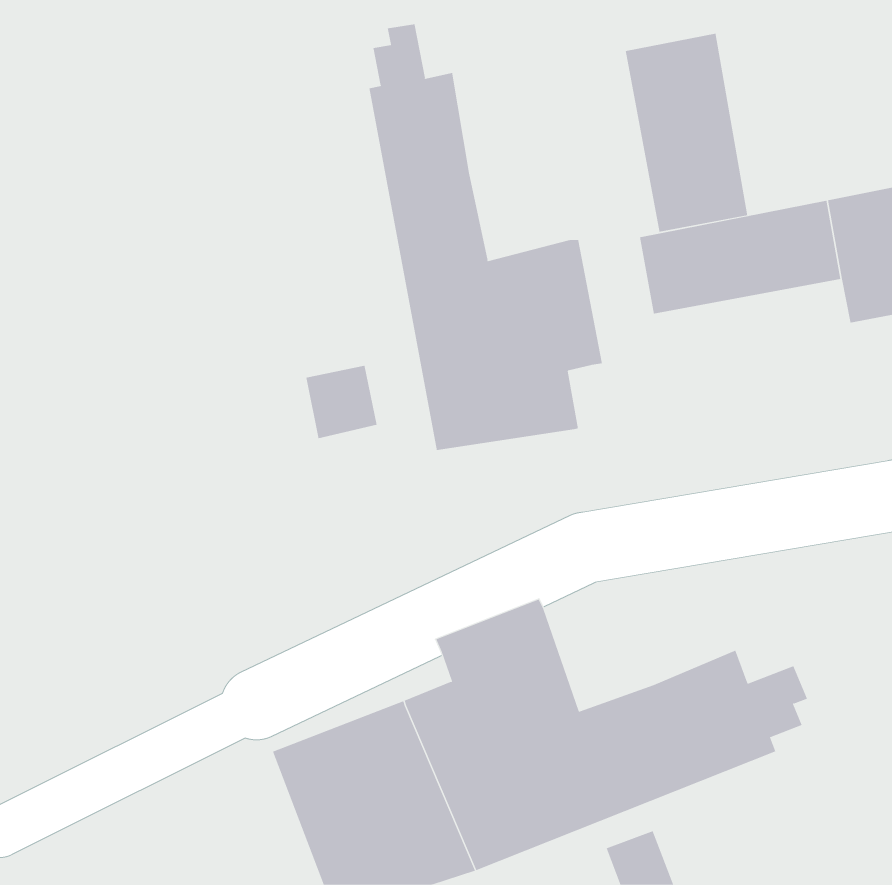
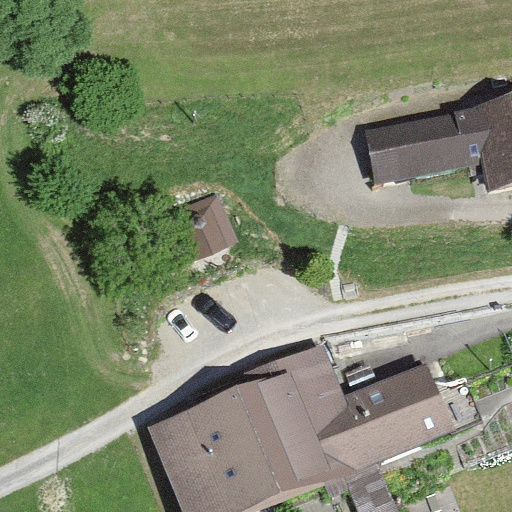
building: [369,23,602,451] -> none
building: [625,33,748,233] -> none

